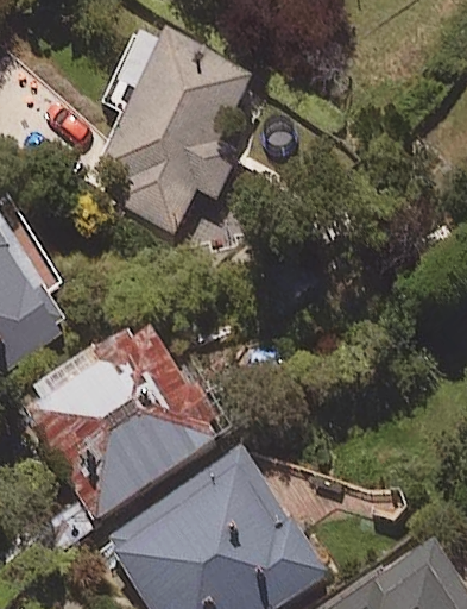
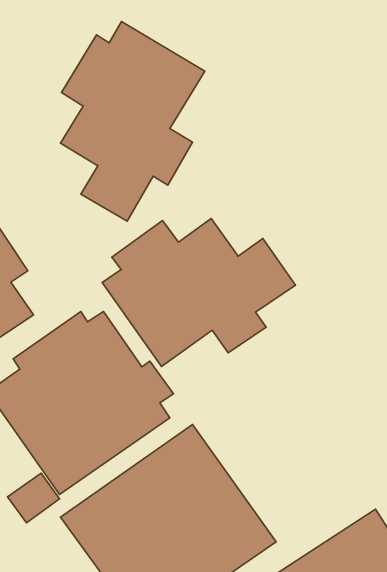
building: none -> [102,219,295,367]

